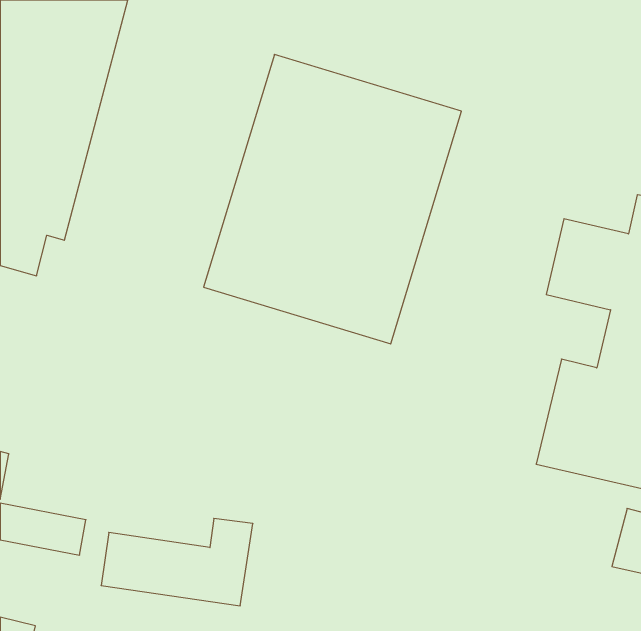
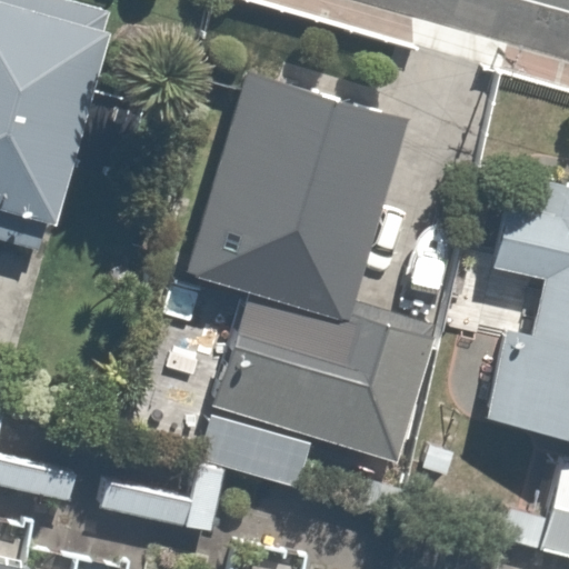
building: none -> [208,298,433,460]

